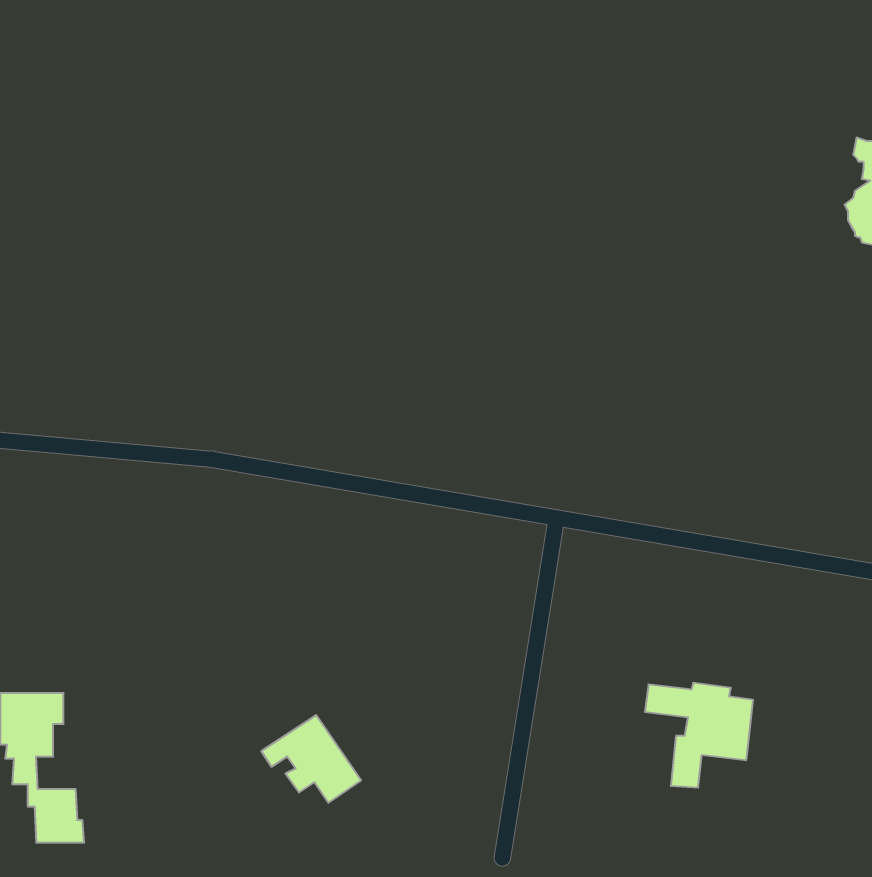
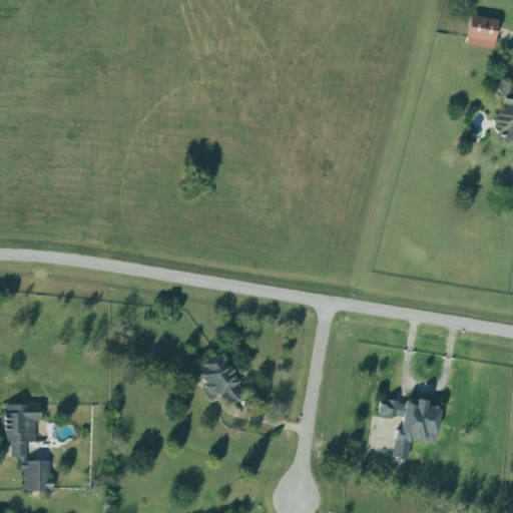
building: none -> [469,15,501,48]
building: [261,715,361,803] -> [190,355,248,406]

